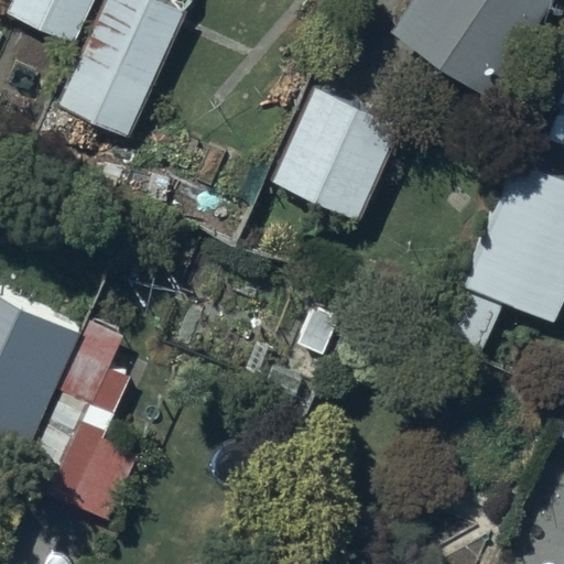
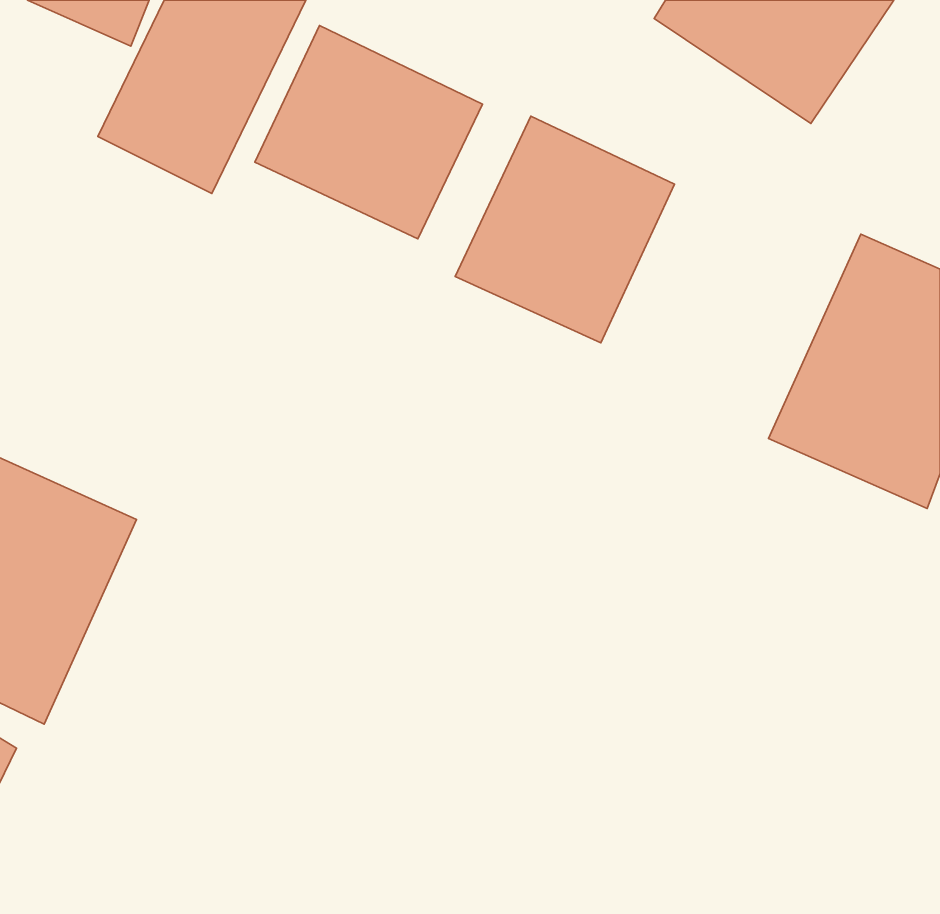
building: none -> [255,26,482,239]
building: [23,322,138,520] -> none

